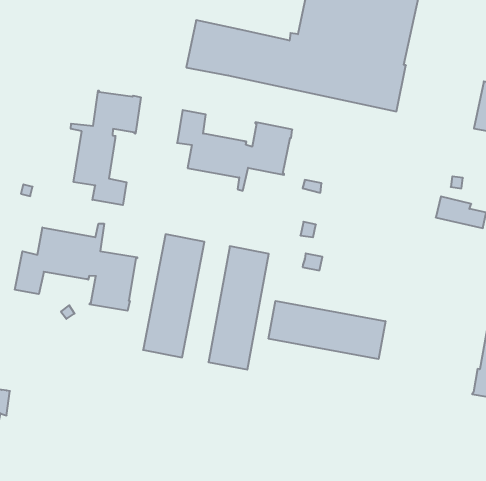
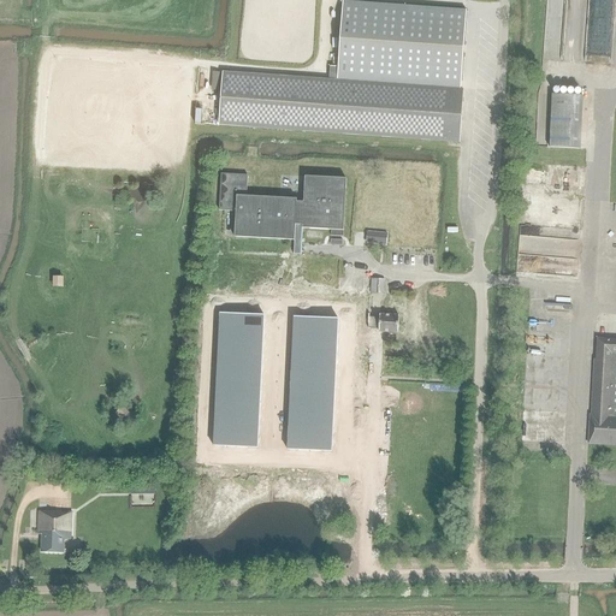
building: [71,91,141,205] -> none
building: [15,224,137,311] -> none
building: [269,301,385,359] -> none

